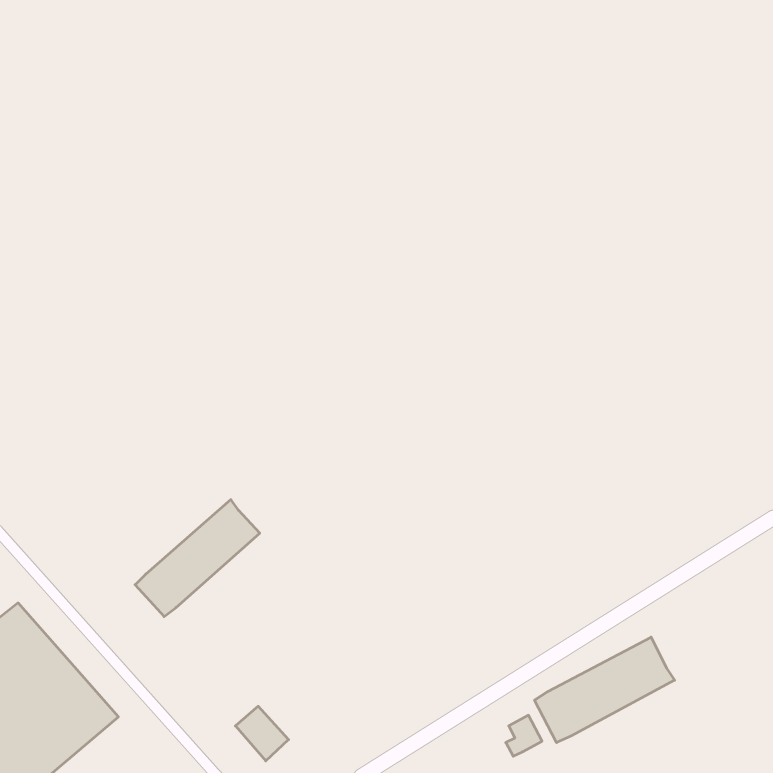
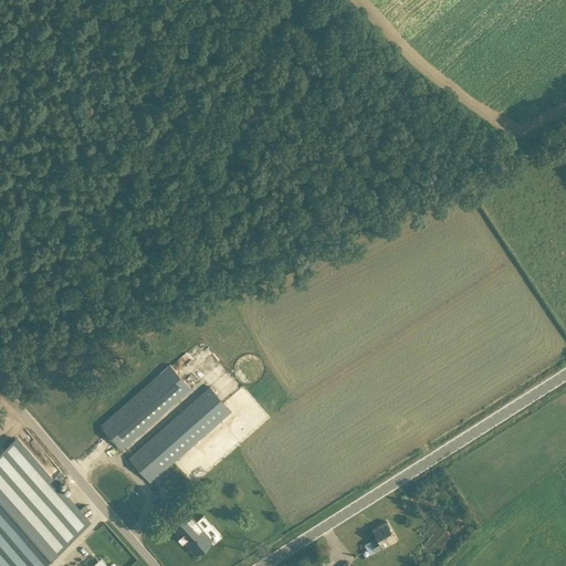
building: none -> [127,389,230,484]
building: [535,637,675,743] -> none

